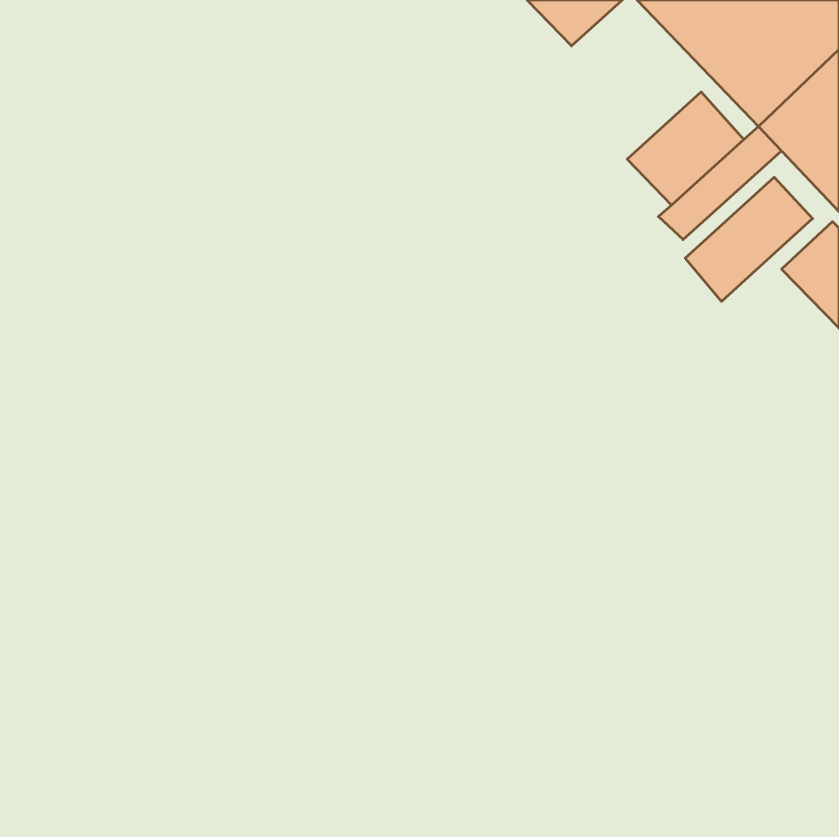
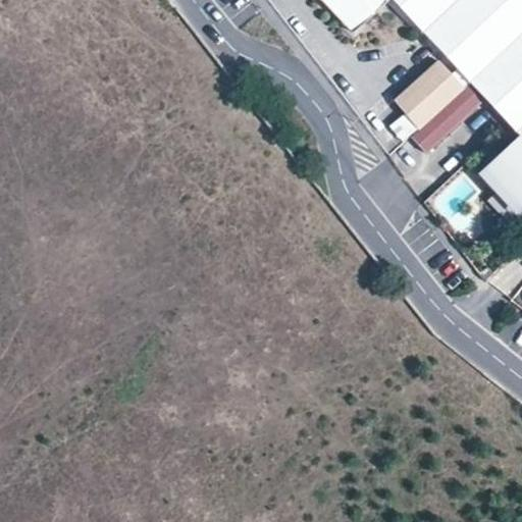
building: [685,177,813,301] -> none

